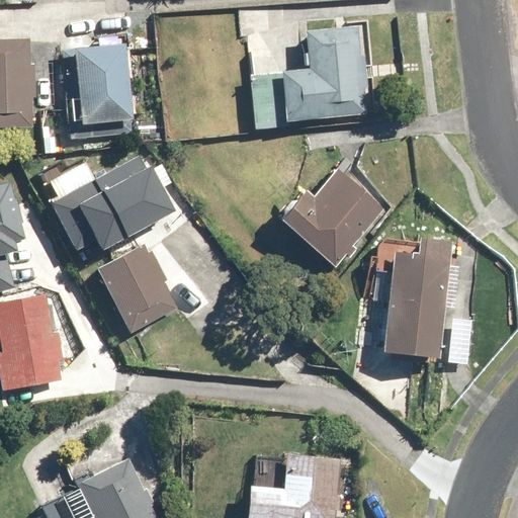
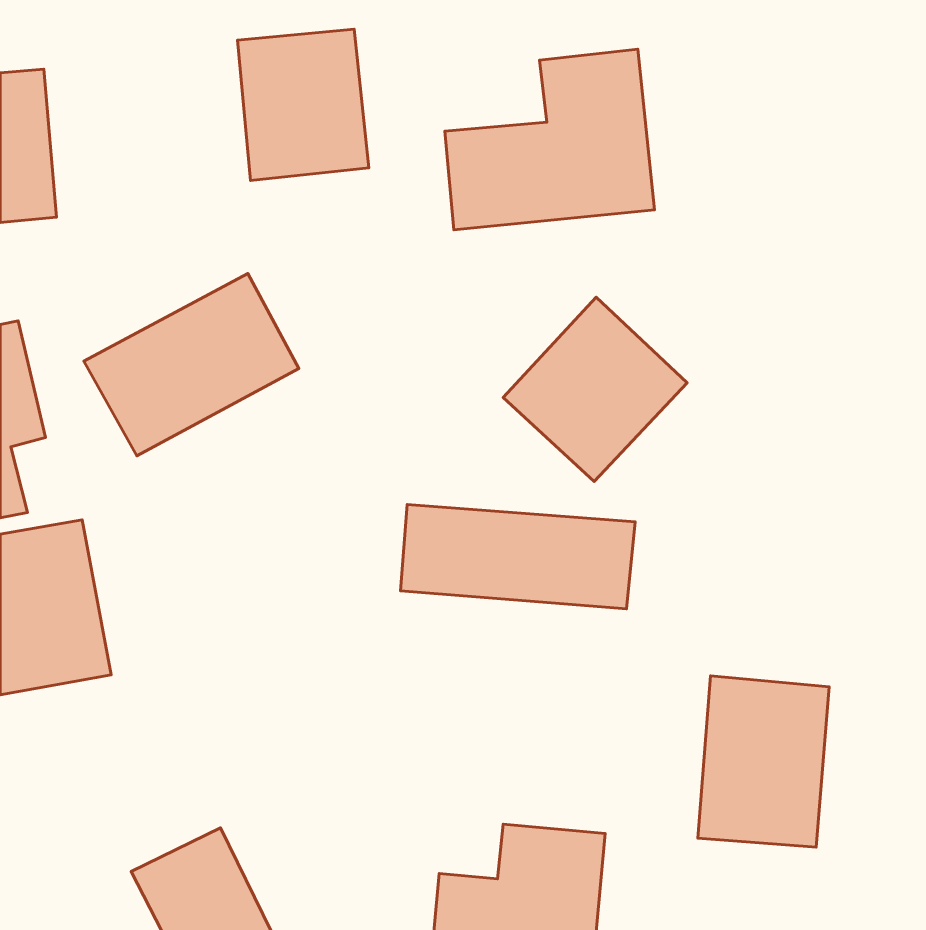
building: [60,48,133,132] -> [238,29,369,181]
building: [90,233,177,332] -> none
building: [380,259,453,354] -> [698,676,829,847]
building: none -> [400,504,635,609]

